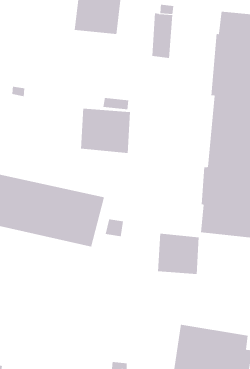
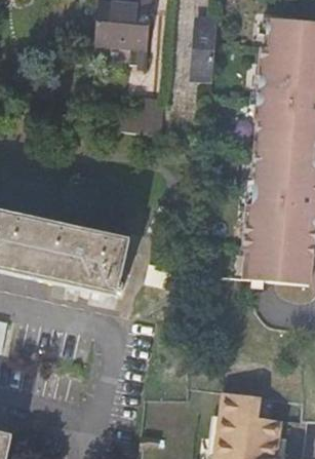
building: [80,108,131,154] -> none
building: [158,233,199,275] -> none

